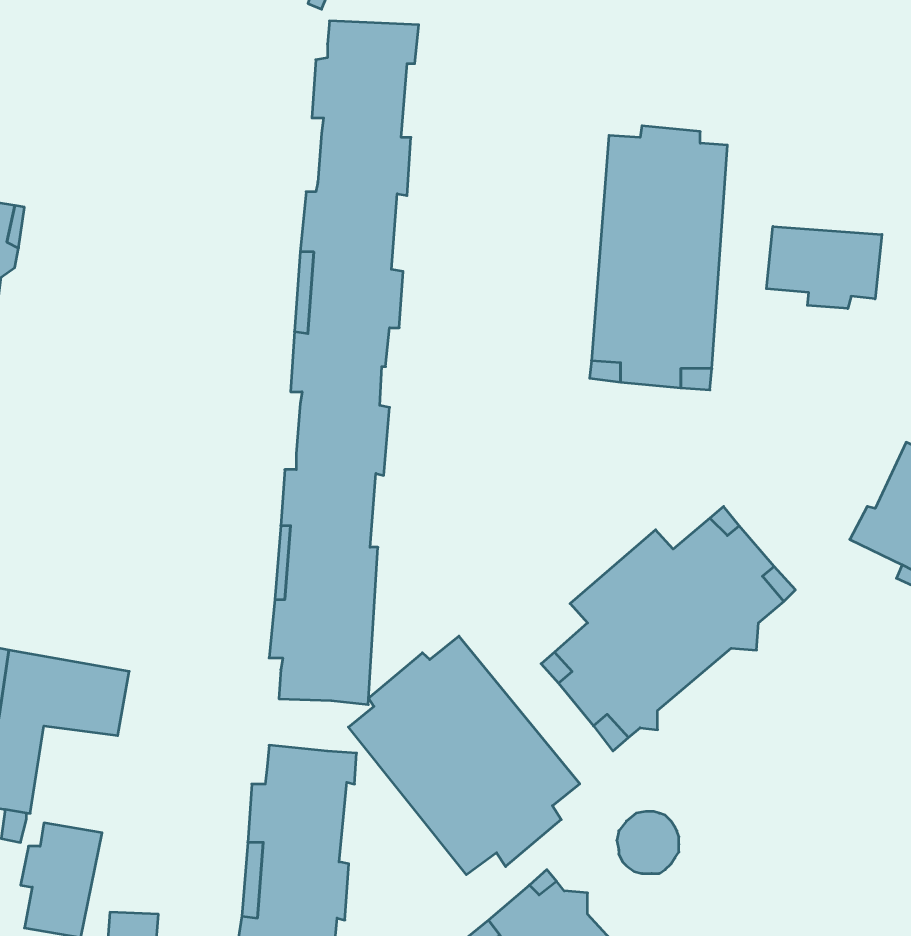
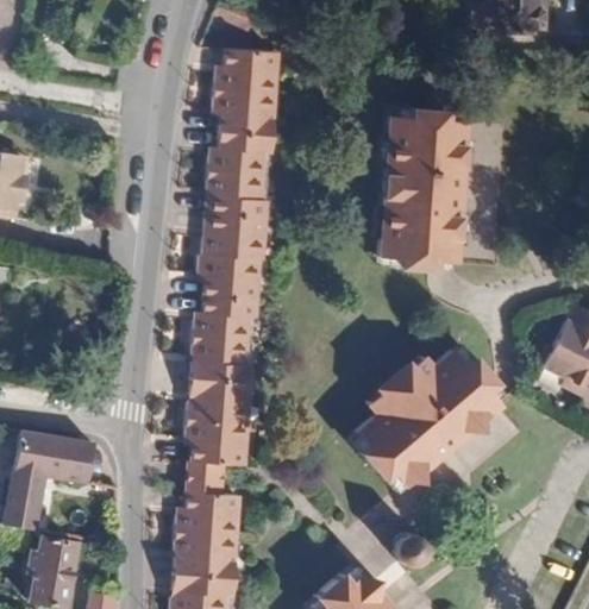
building: [766,226,882,309] -> none
building: [348,636,580,875] -> none
building: none -> [184,459,223,492]

